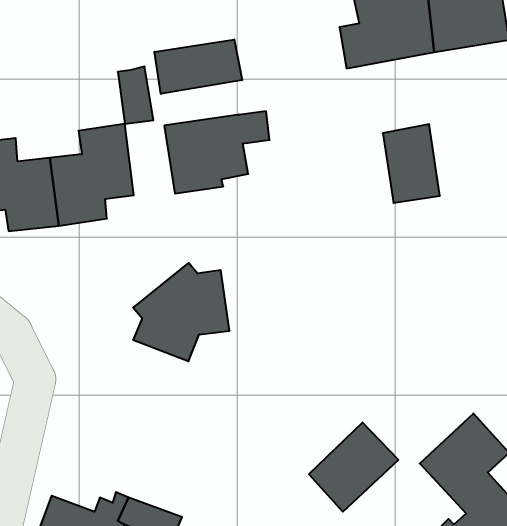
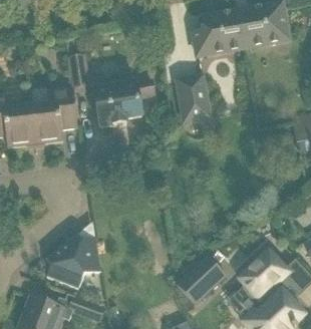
building: [154,39,242,94] -> none
building: [383,124,440,203] -> [177,74,209,118]
building: [133,263,230,361] -> [46,233,100,288]

